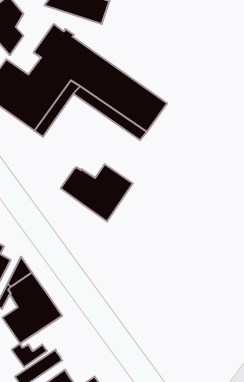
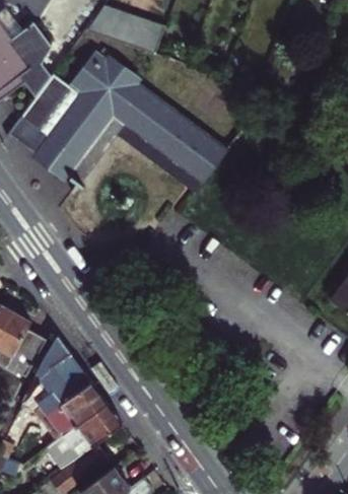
building: [61,164,133,222] -> none
building: none -> [55,403,120,445]

